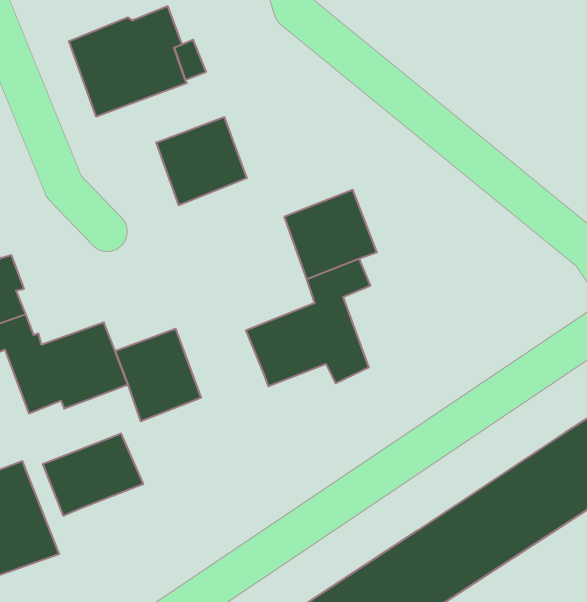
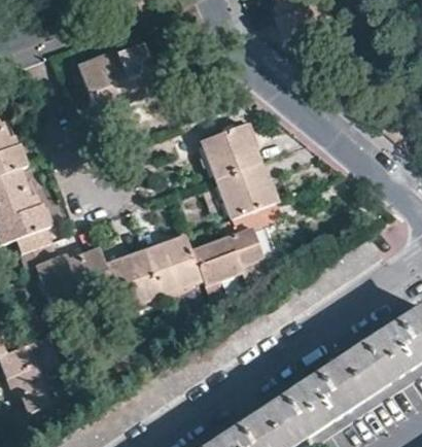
building: [156,117,247,205] -> [202,122,260,178]
building: none -> [146,235,203,295]
building: [43,433,143,516] -> none

